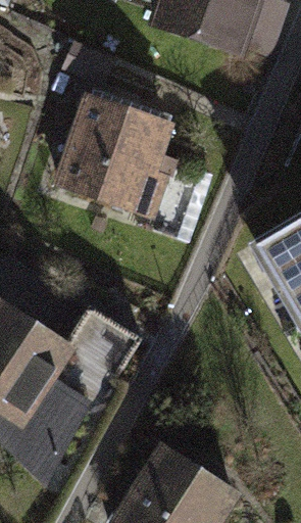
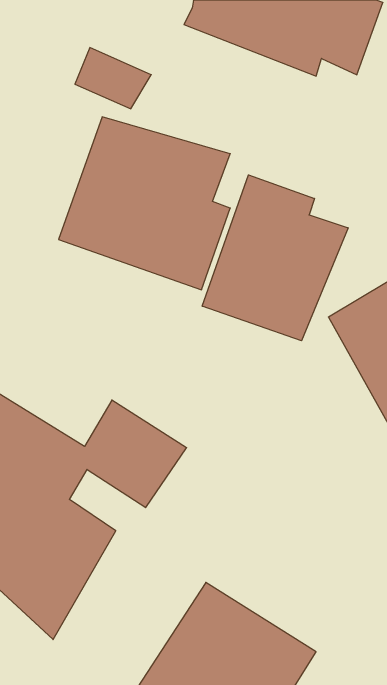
building: none -> [202,175,348,341]

